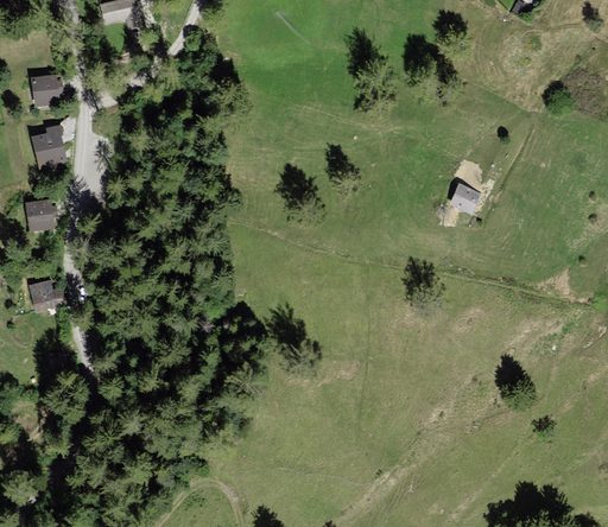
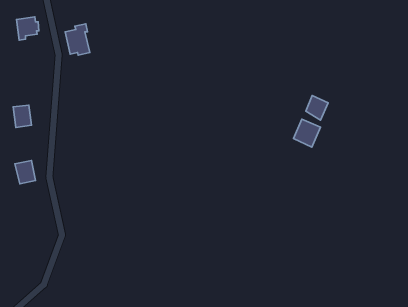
building: [33,123,69,169] -> [65,24,90,55]
building: none -> [293,119,320,147]

